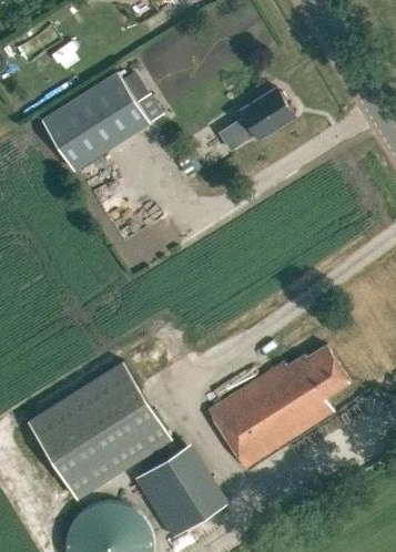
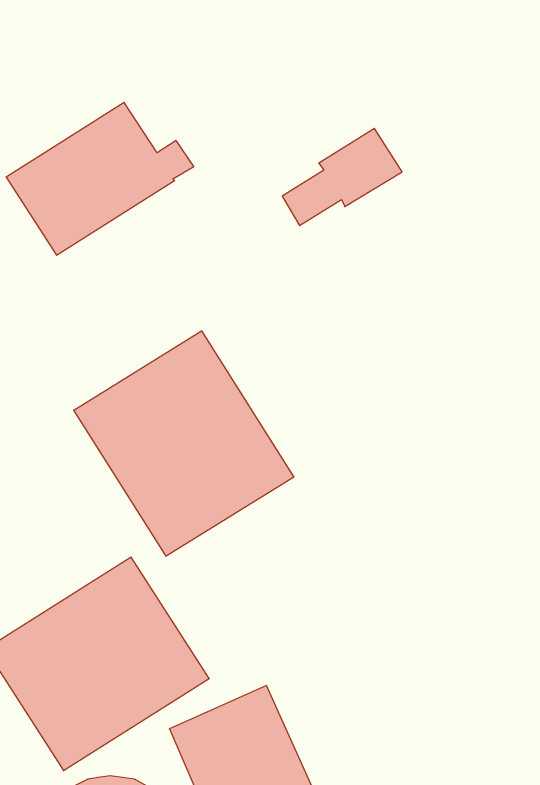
building: none -> [74,331,294,556]
building: [209,346,348,469] -> none

